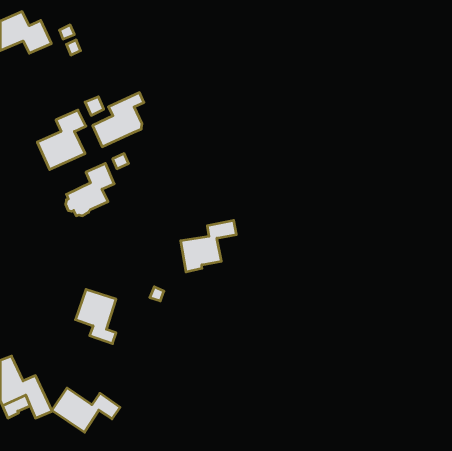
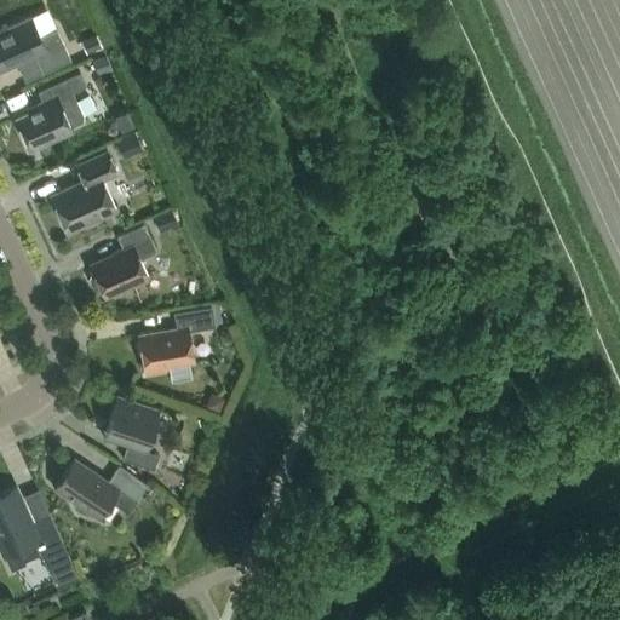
building: [93,93,144,147] -> [17,75,87,149]
building: [181,220,236,272] -> [139,309,216,379]
building: [52,388,120,432] -> [54,460,148,521]

